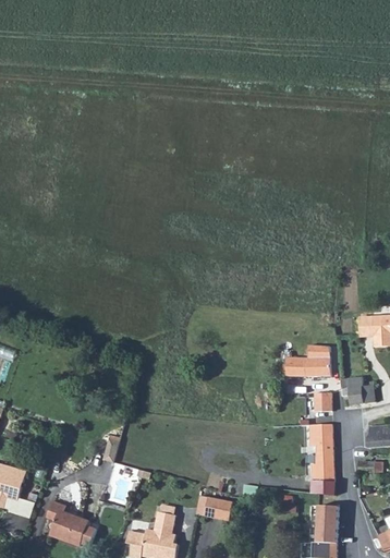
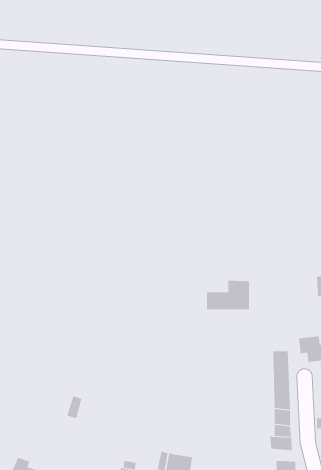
building: [285,345,330,376] -> [206,280,250,310]

